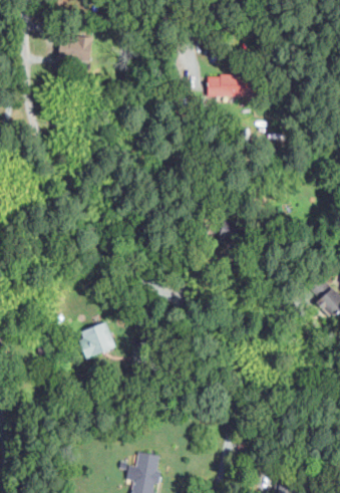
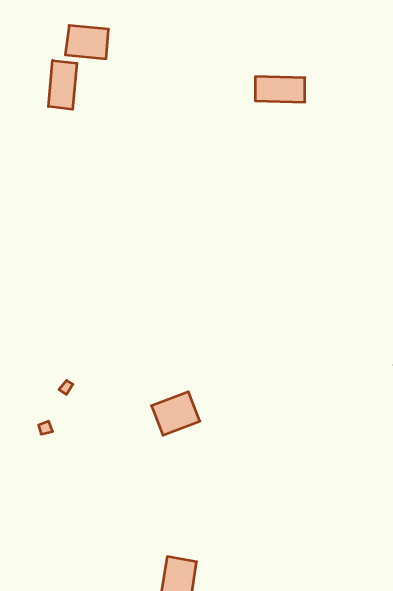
building: none -> [48,60,77,109]
building: [76,324,114,358] -> [151,392,200,435]

